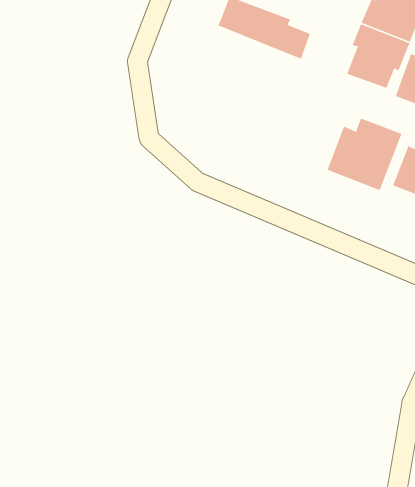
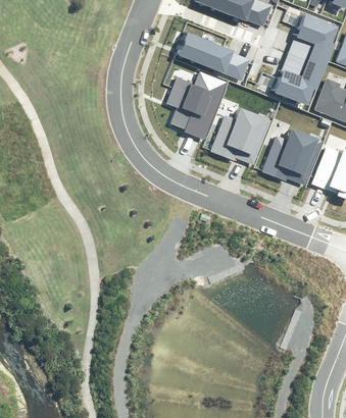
building: none -> [166,73,224,133]
building: none -> [210,105,271,166]

